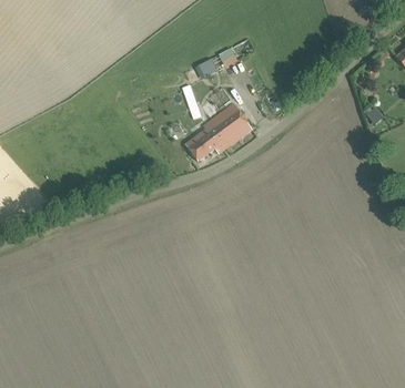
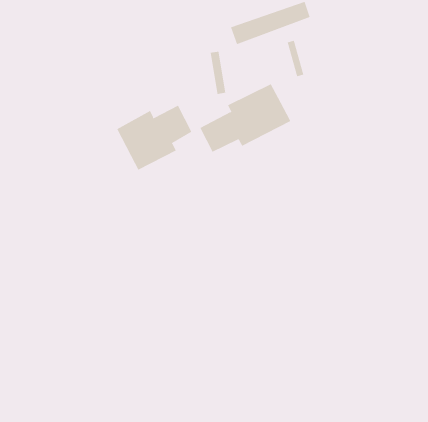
building: none -> [116,105,192,171]

